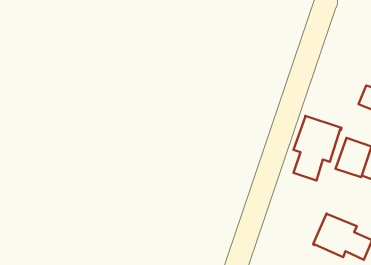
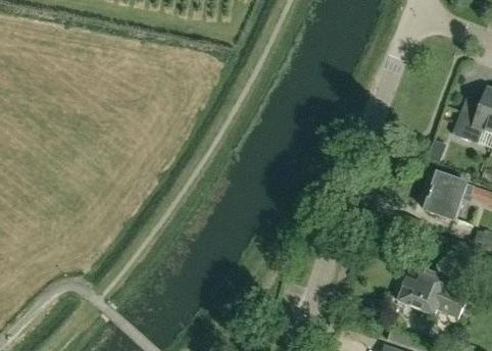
building: [293,116,342,181] -> none

